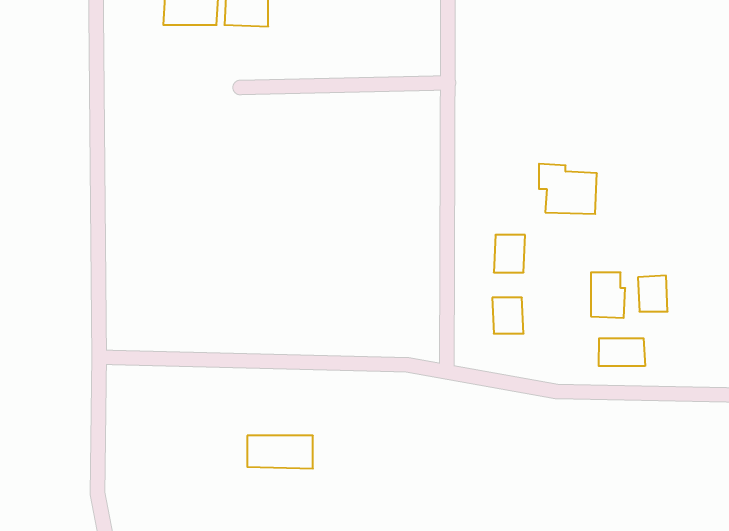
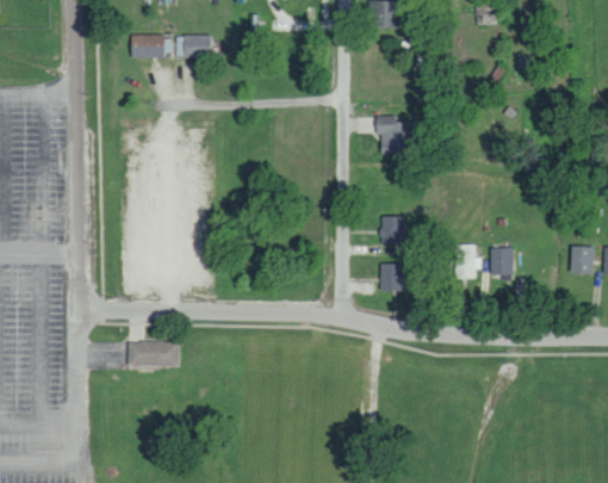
building: [539,164,597,214] -> [376,116,420,154]
building: [599,338,645,366] -> none
building: [247,436,313,469] -> [129,342,179,367]

